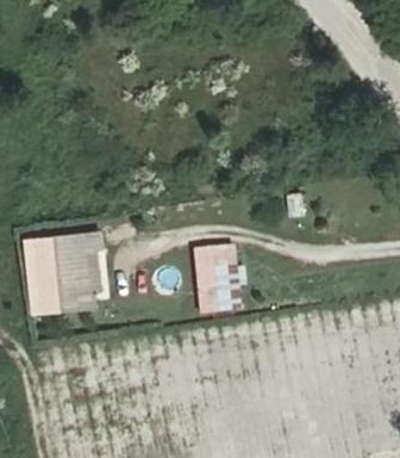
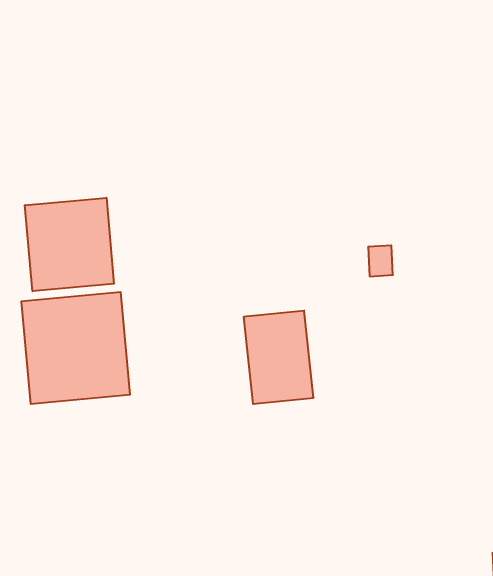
building: none -> [25,198,114,291]

